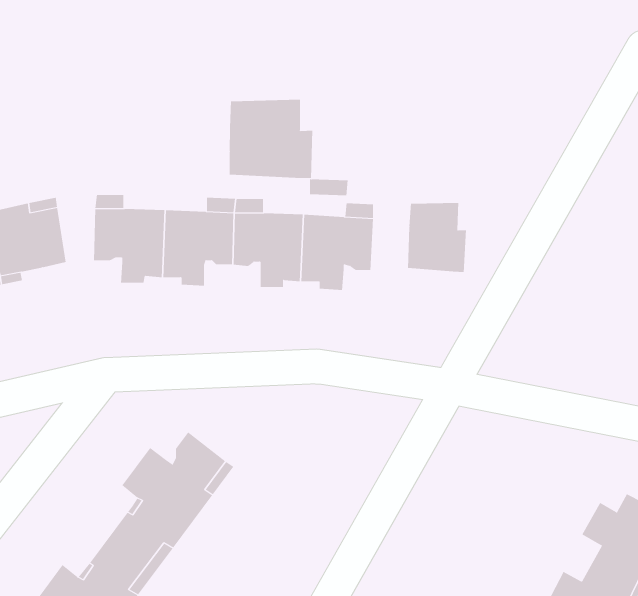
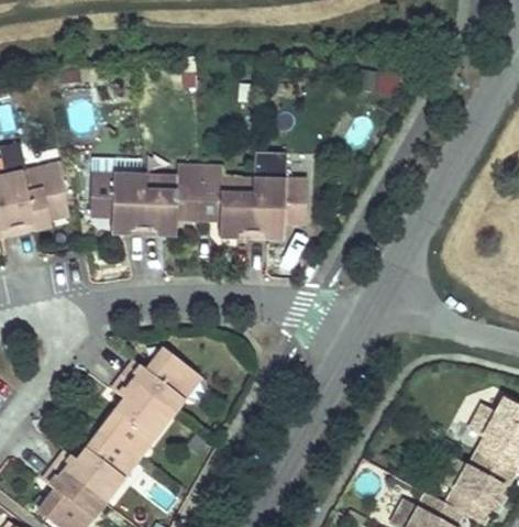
building: [229,99,313,179] -> none
building: [407,202,467,273] -> none

